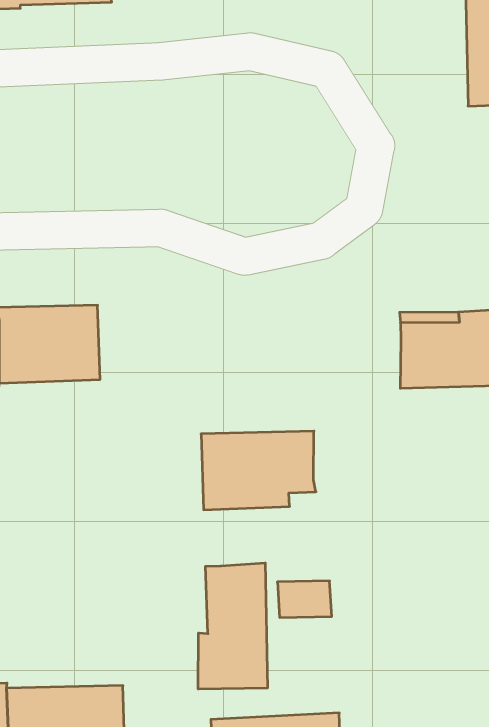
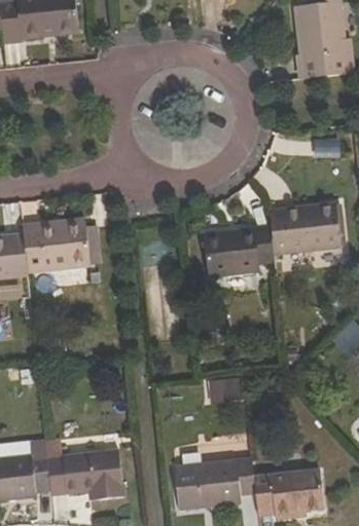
building: [201,431,316,510] -> [203,224,276,277]
building: [198,563,267,689] -> none

